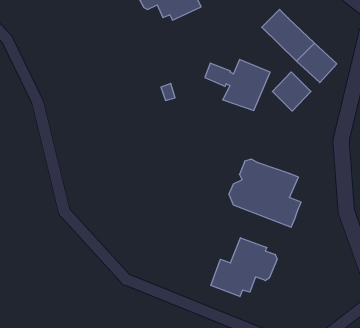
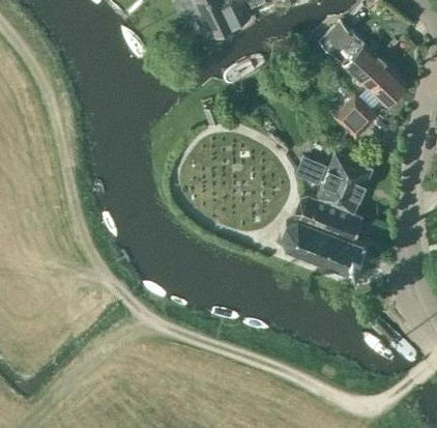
building: [205,60,270,110] -> [295,153,371,212]
building: [211,238,277,297] -> none

